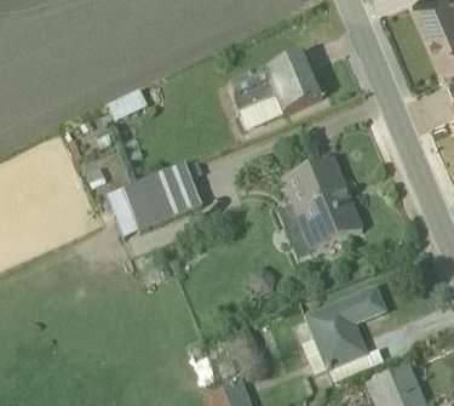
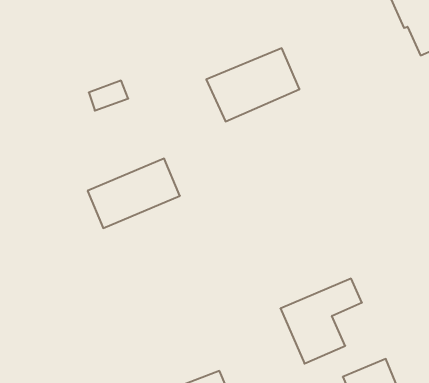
building: [278,159,362,257] -> none

